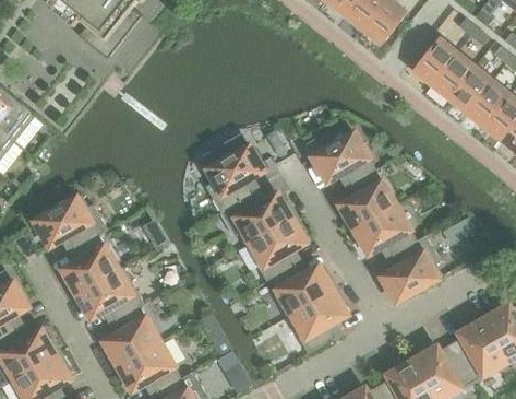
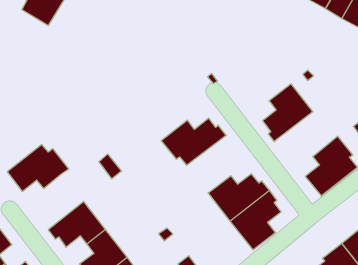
building: [307,124,379,181] -> none
building: [201,131,263,210] -> none
building: [349,201,424,254] -> none
building: [243,214,305,279] -> none
building: [61,232,118,295] -> none

